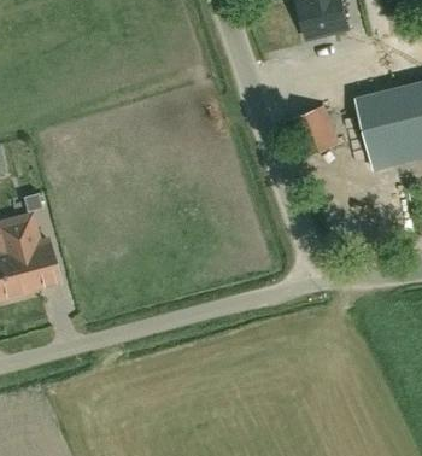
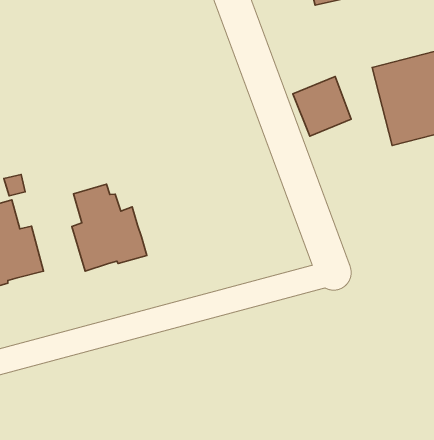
building: none -> [72,184,147,271]

